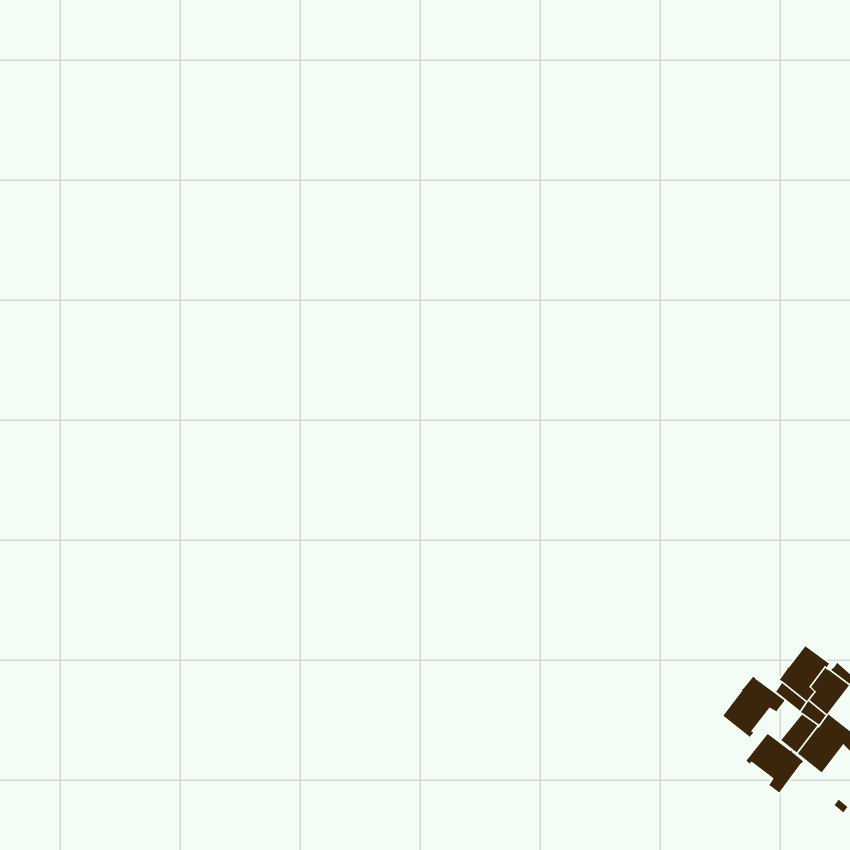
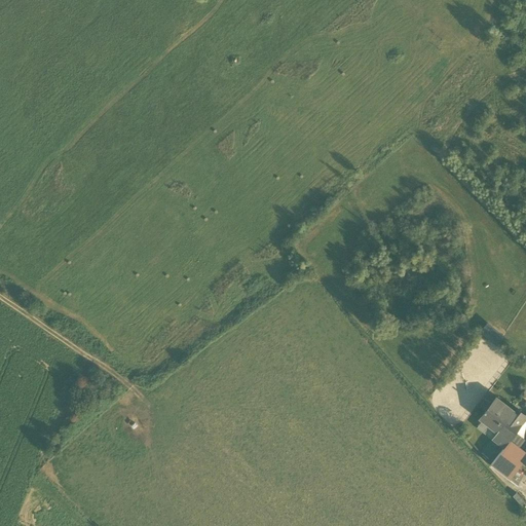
building: [722,675,785,738] -> none
building: [745,733,804,793] -> none

